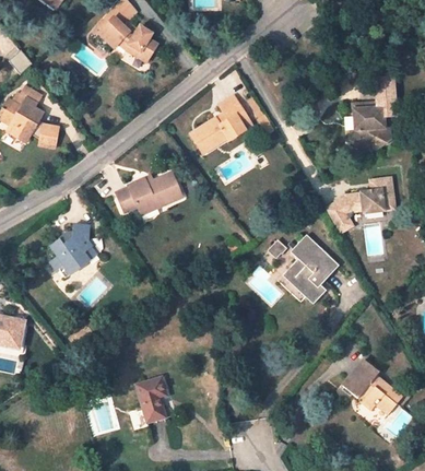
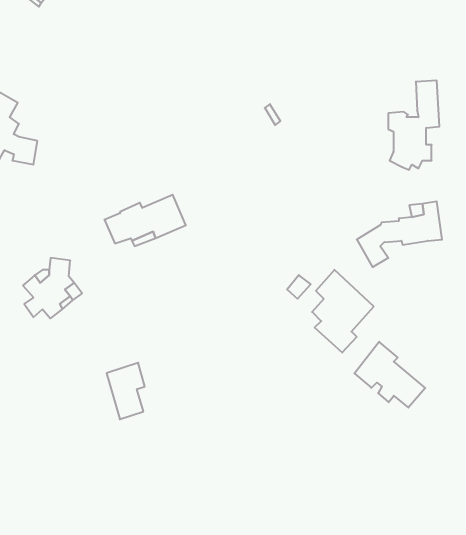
building: [98,16,157,61] -> none
building: [191,95,251,149] -> none
building: [343,358,402,413] -> [354,342,425,408]
building: [135,376,167,423] -> [107,363,145,419]

